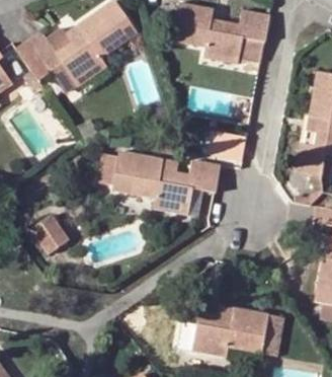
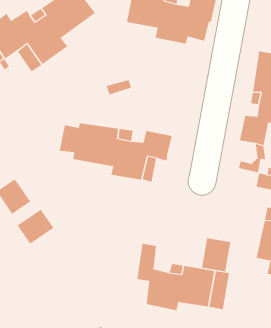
building: [204,126,249,160] -> none
building: none -> [17,209,54,245]
building: none -> [201,238,231,272]

